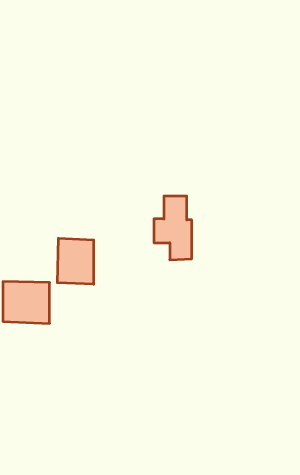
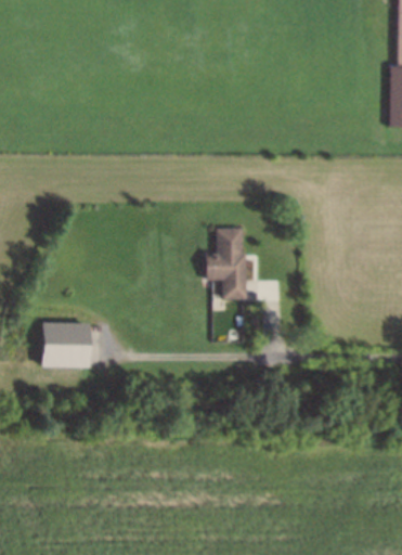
building: [57,238,94,284] -> none

